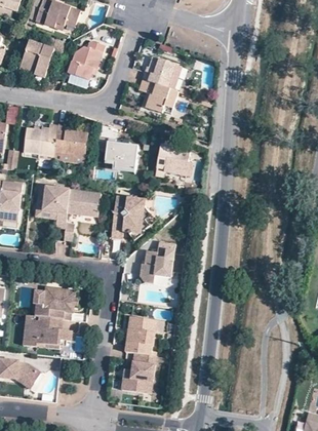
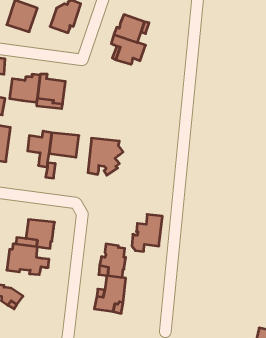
building: [108,142,140,170] -> none
building: [156,144,190,178] -> none
building: [38,186,63,220] -> none
building: [142,241,176,283] -> [132,214,162,251]

